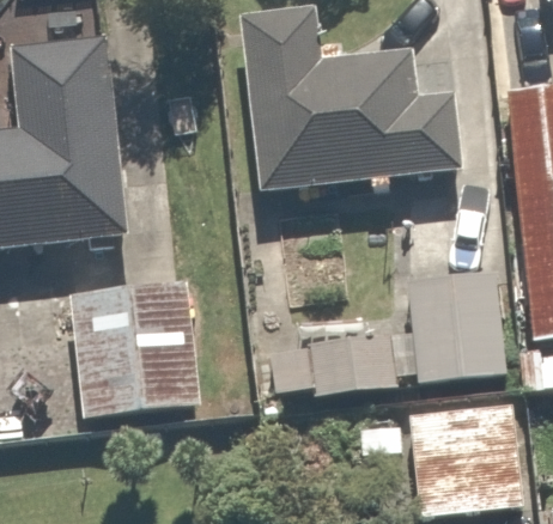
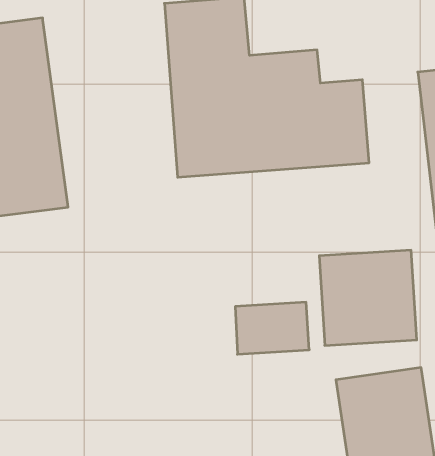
building: [71,310,190,425] -> none

